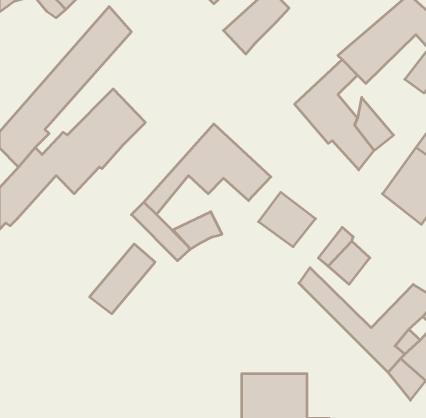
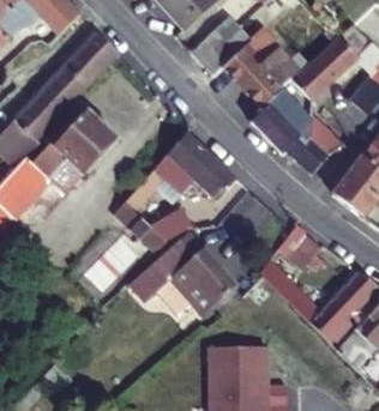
building: none -> [221,41,305,103]
building: none -> [128,235,235,314]

